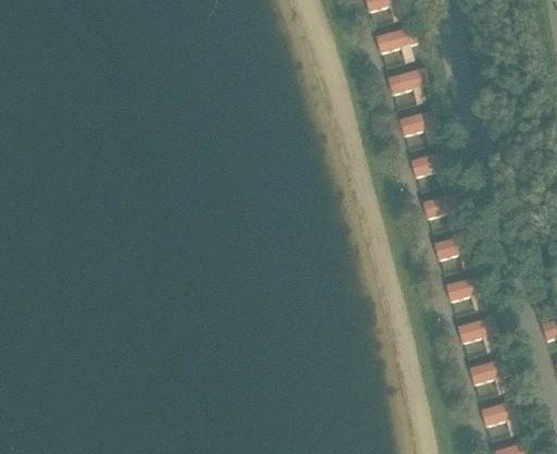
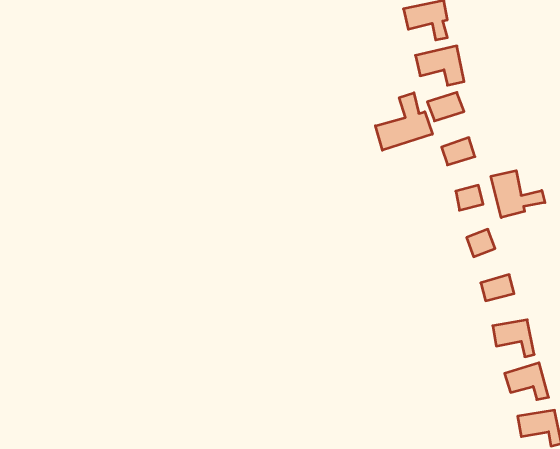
building: none -> [375,93,432,150]
building: none -> [491,171,545,218]

